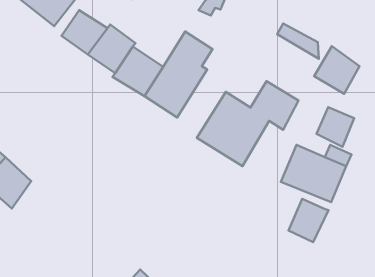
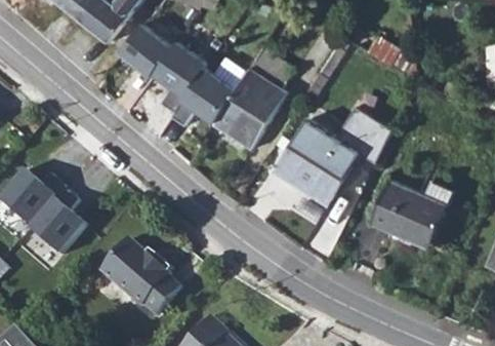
building: [314,46,359,94] -> none
building: [316,107,354,147] -> none
building: none -> [102,241,182,316]
building: [289,199,328,242] -> none

